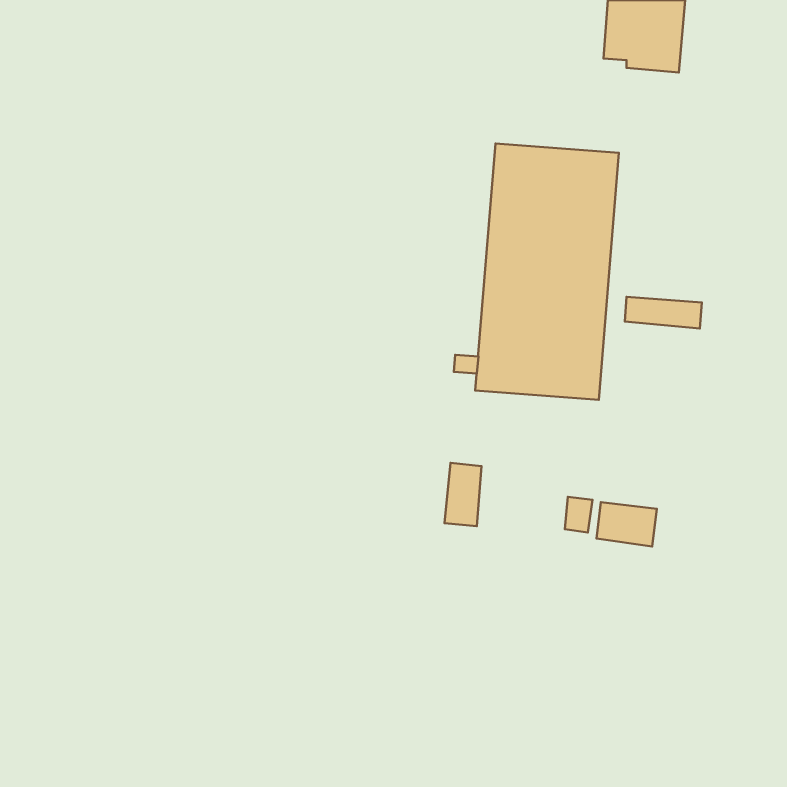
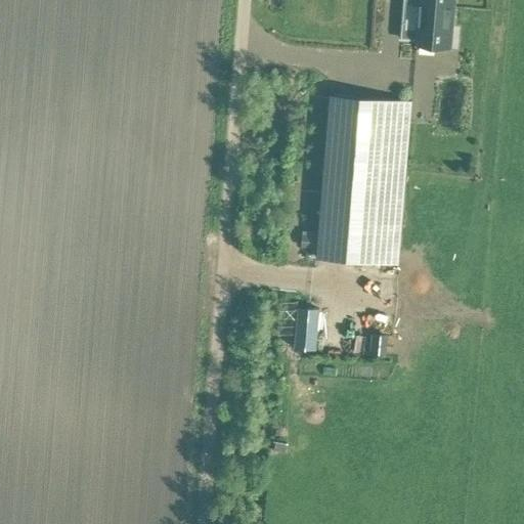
building: [625,297,702,328] -> none
building: [597,502,657,547] -> none

